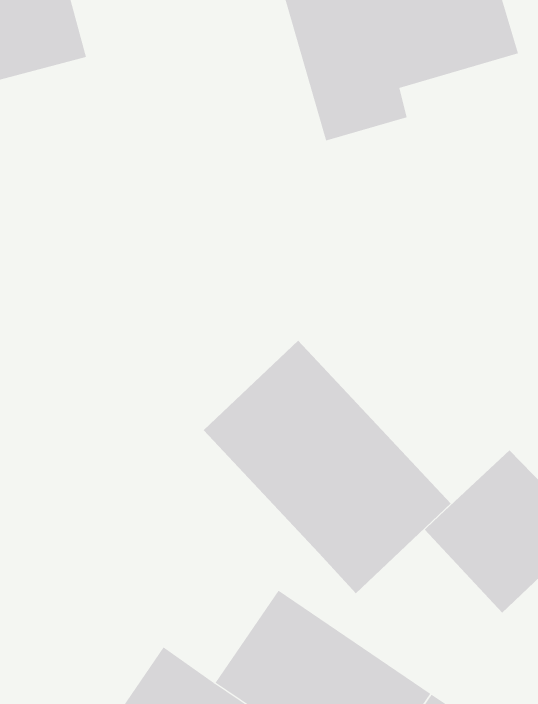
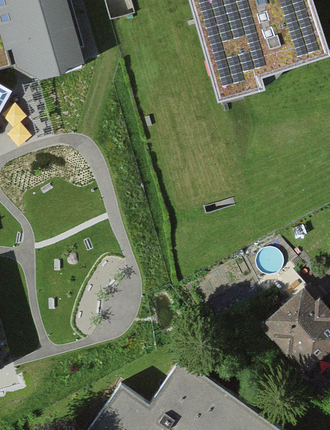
building: [203,340,451,594] -> none

